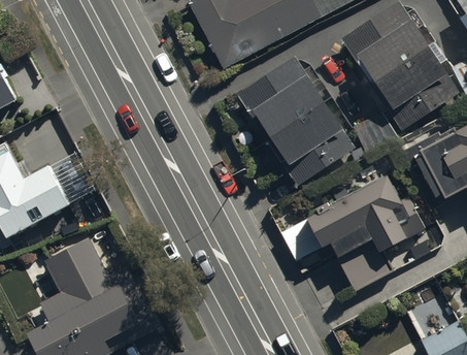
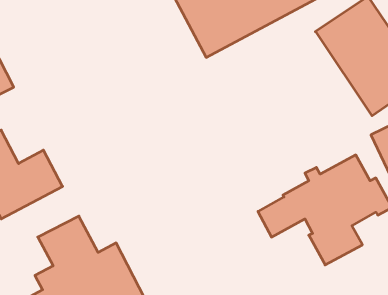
building: [236,55,354,186] -> none

